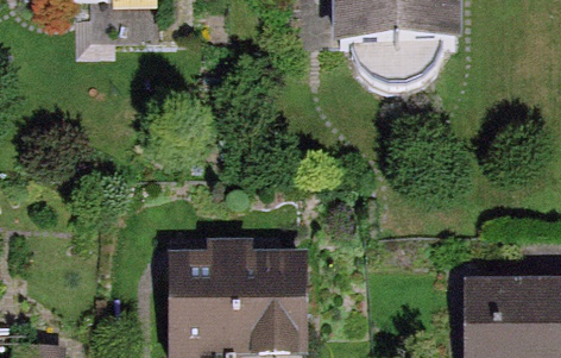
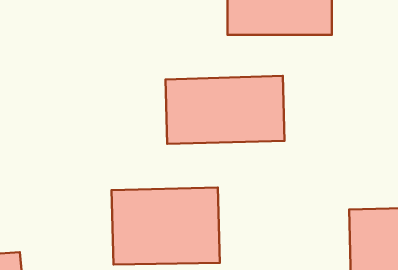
building: none -> [165,76,284,144]

